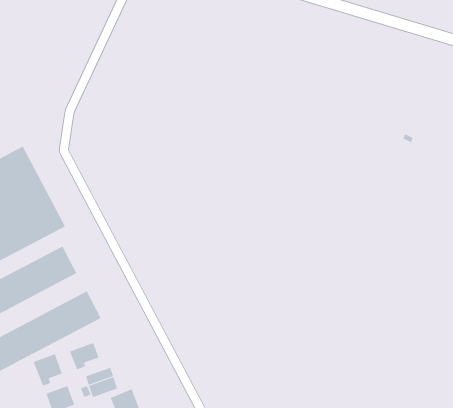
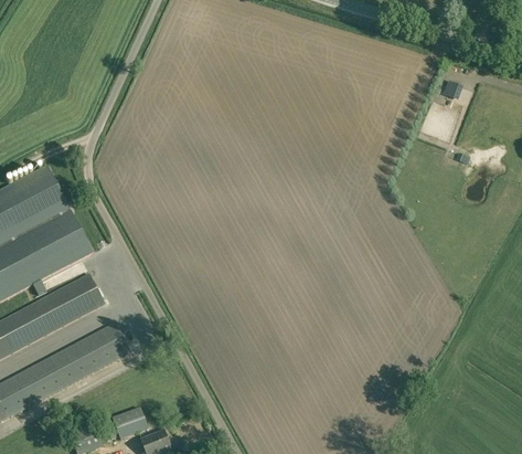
building: [69,342,99,370] -> none
building: [33,353,62,387] -> none

